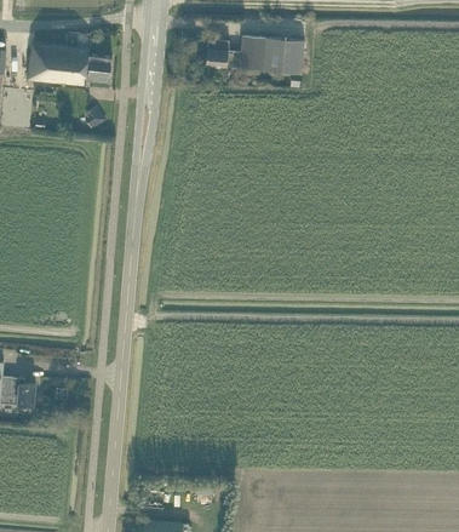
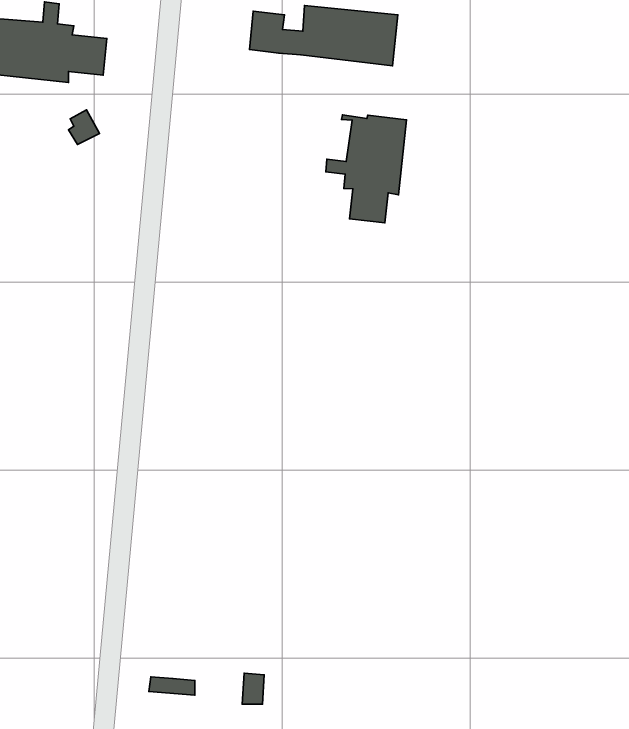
building: none -> [326,115,406,223]

